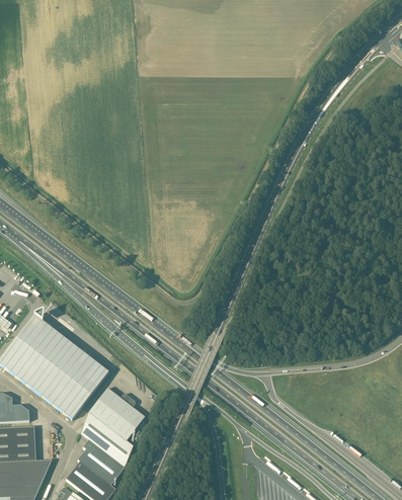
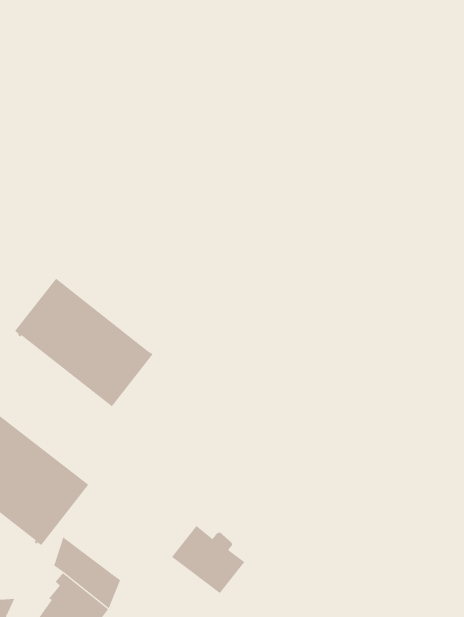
building: none -> [15,278,153,407]
building: [88,388,145,440] -> [171,525,245,594]

